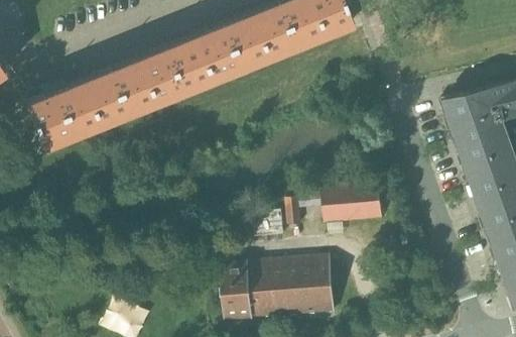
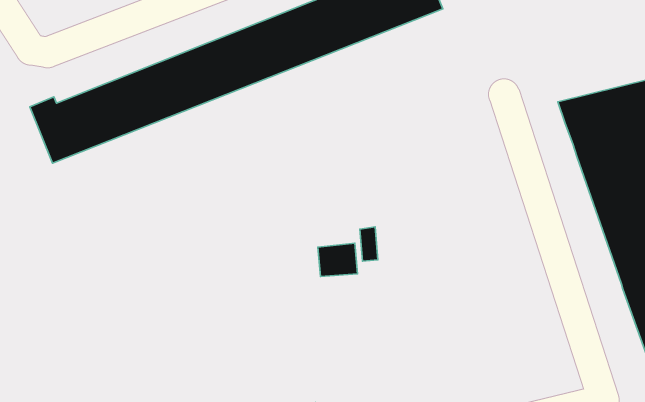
building: [322,181,384,223] -> none
building: [223,256,334,320] -> none

